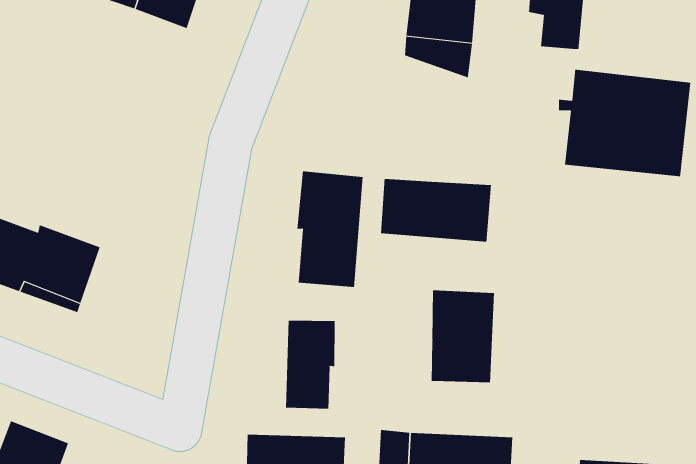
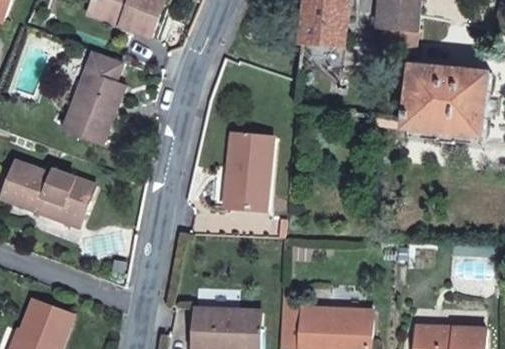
building: none -> [64,51,125,144]
building: [381,178,491,242] -> none
building: [431,290,495,383] -> none
building: [286,320,335,409] -> none

